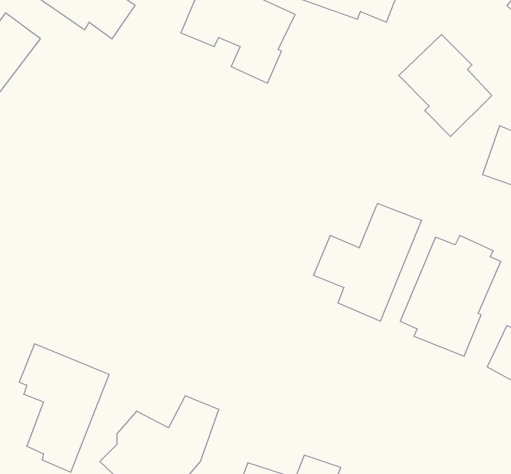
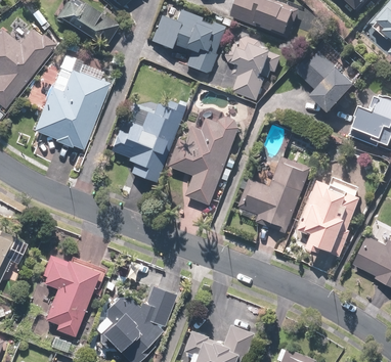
building: none -> [225,36,272,100]
building: none -> [35,54,108,150]
building: none -> [111,100,185,181]
building: none -> [169,115,241,206]

